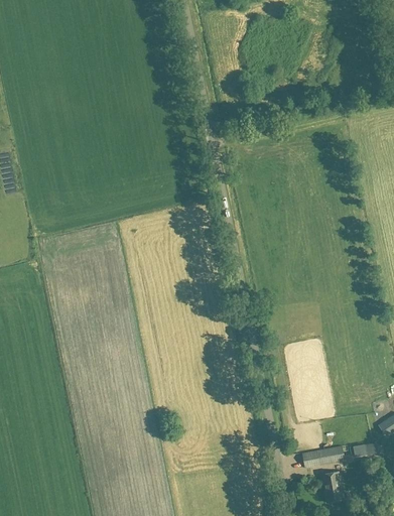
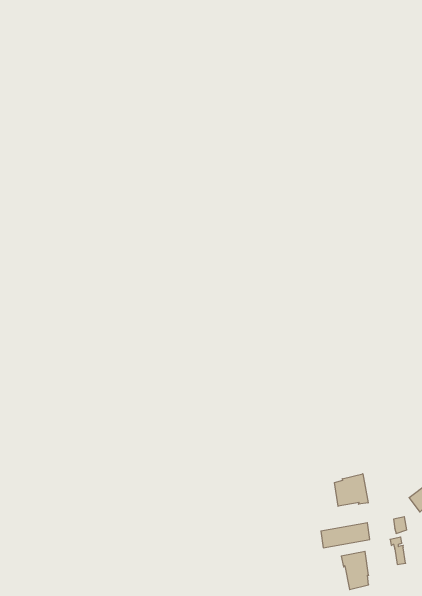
building: none -> [335,474,368,506]

